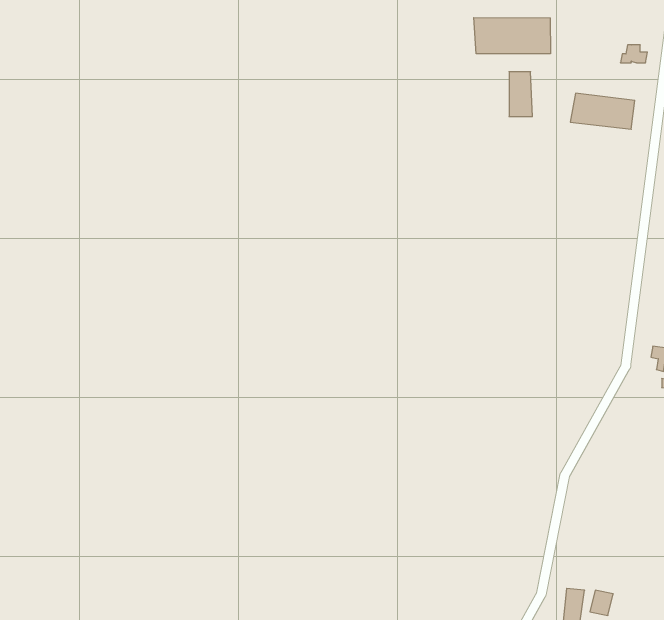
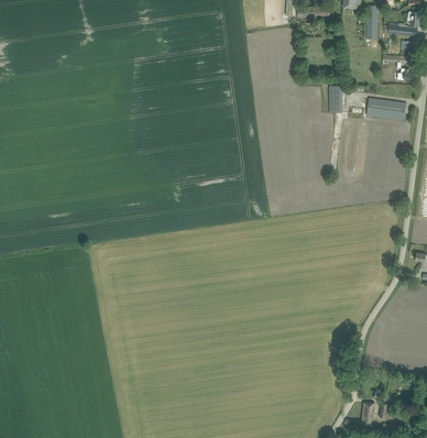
building: [474,18,550,54] -> none

